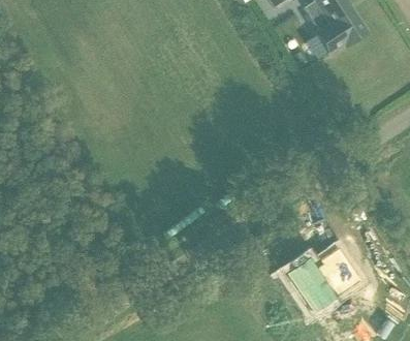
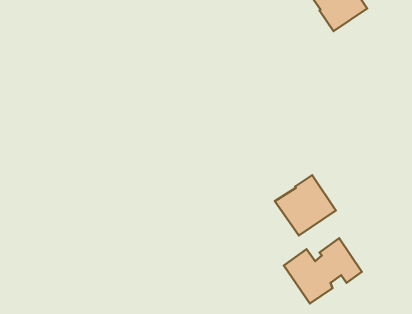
building: none -> [275,175,336,236]

